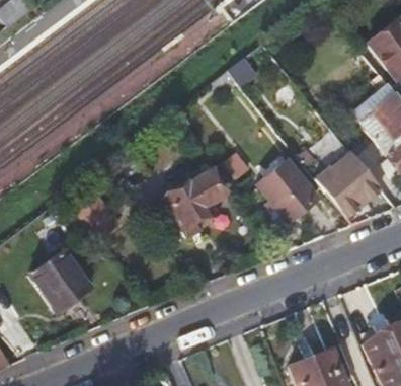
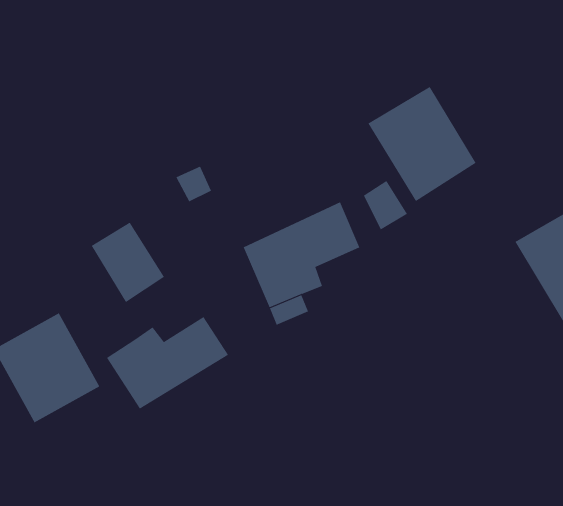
building: [256,158,320,224] -> [368,86,477,202]
building: none -> [106,316,229,410]

